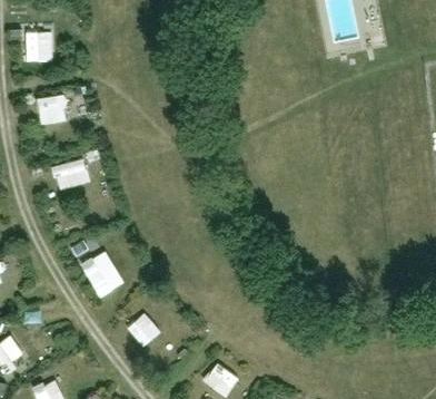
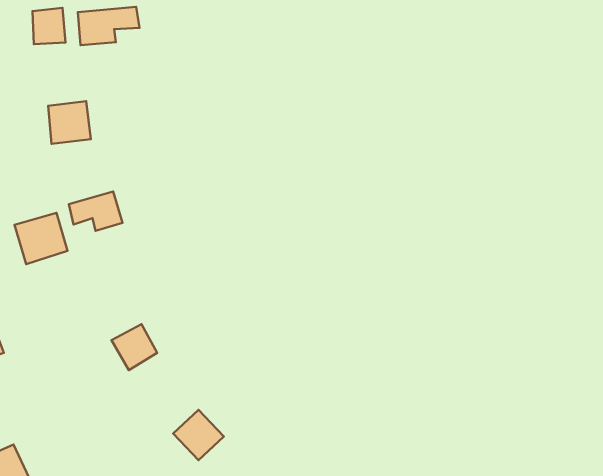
building: none -> [78,7,140,45]
building: none -> [15,213,67,264]

